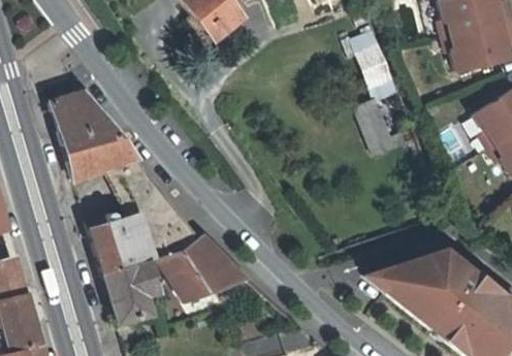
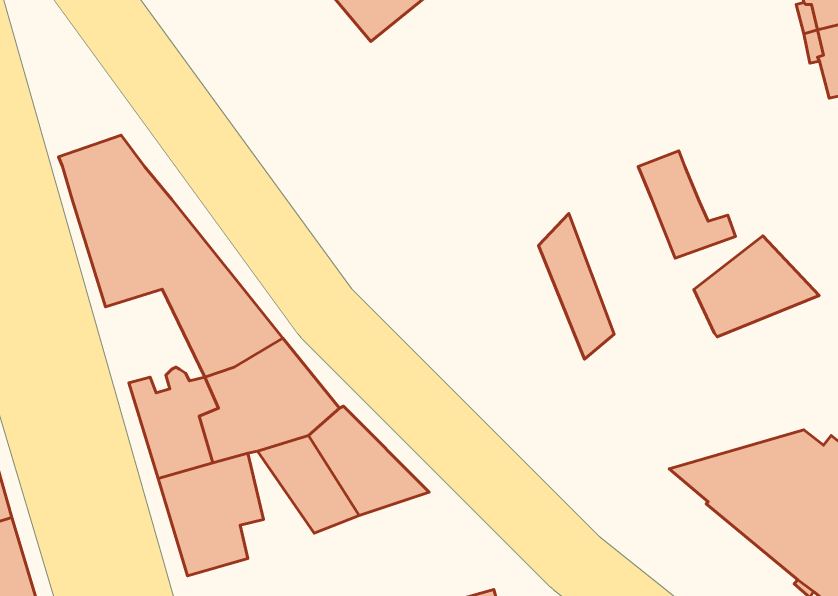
building: [357,44,395,90] -> none
building: none -> [538,214,614,359]
building: none -> [694,236,819,337]

